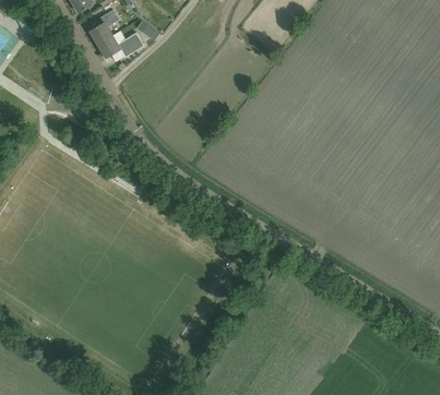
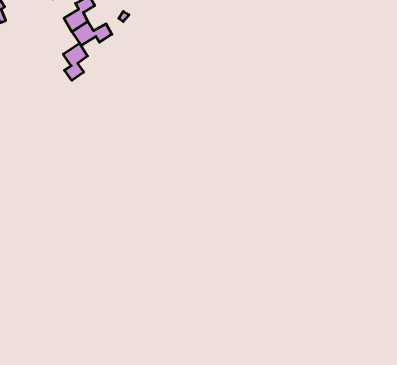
building: none -> [63,43,88,80]

